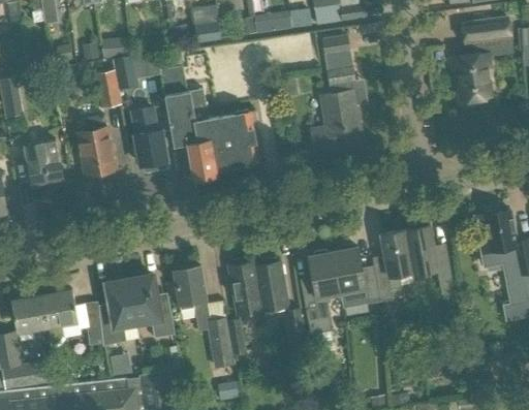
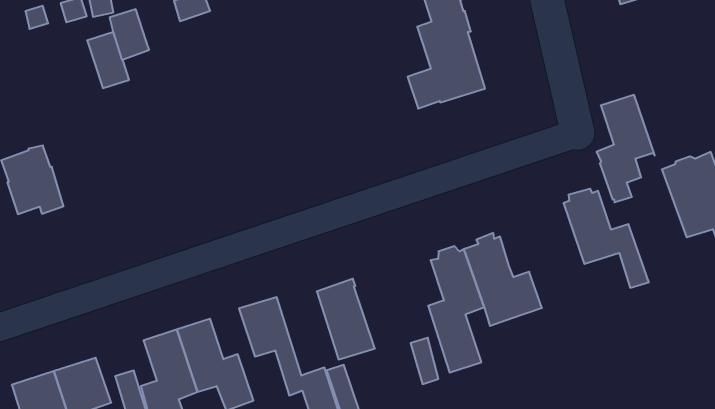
building: [160,68,258,182] -> none
building: [134,106,166,172] -> none
building: [79,116,117,175] -> none
building: [374,230,413,302] -> [597,95,655,202]
building: [254,261,288,311] -> none

